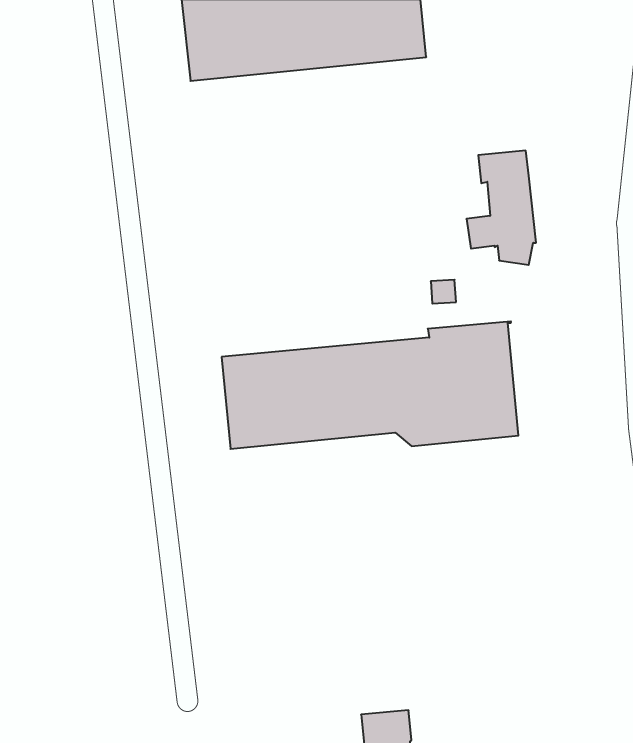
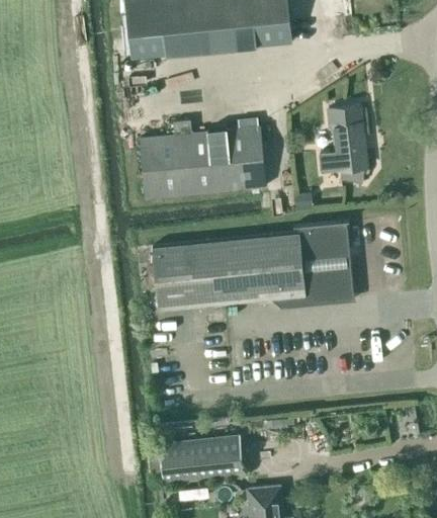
building: none -> [139,120,266,198]
building: none -> [159,435,243,483]

